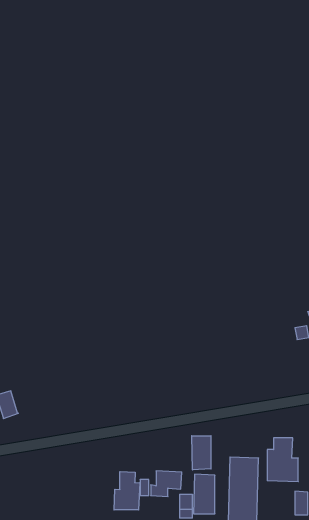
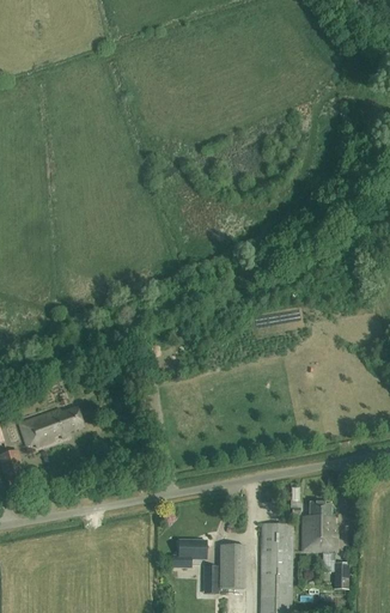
building: none -> [19,406,84,447]
building: [192,436,211,470] -> none
building: [114,472,140,510] -> none

